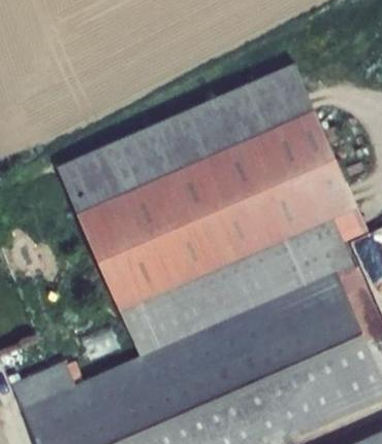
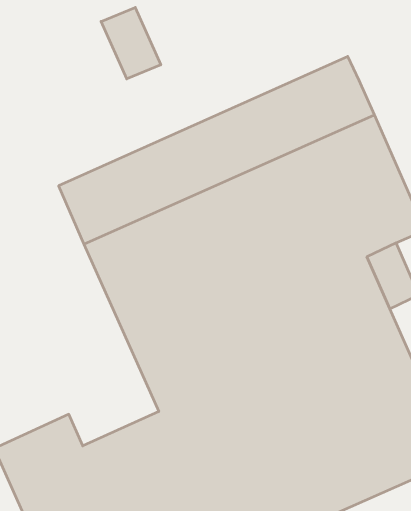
building: none -> [101,7,161,79]

